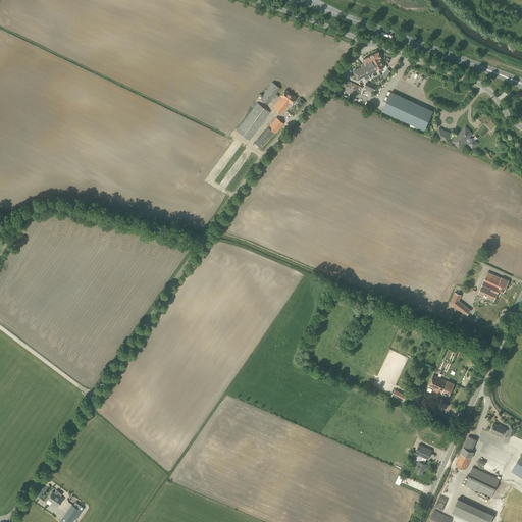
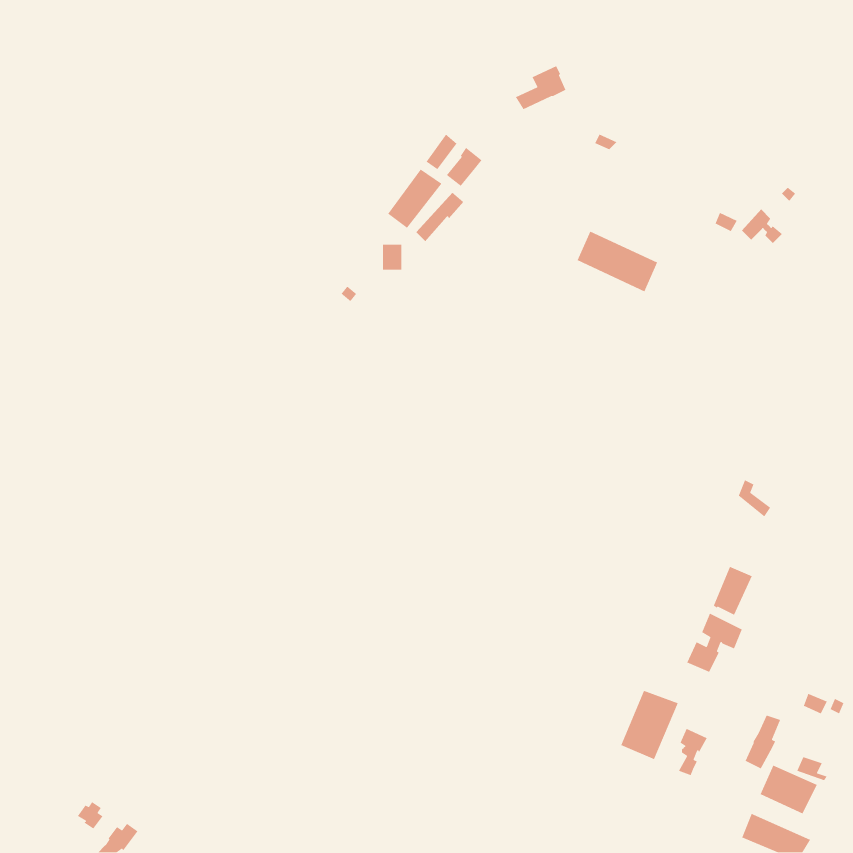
building: [353,52,384,80] -> [515,65,566,110]
building: [382,92,432,129] -> [577,231,658,292]
building: [478,272,508,301] -> none
building: none -> [620,690,679,760]

